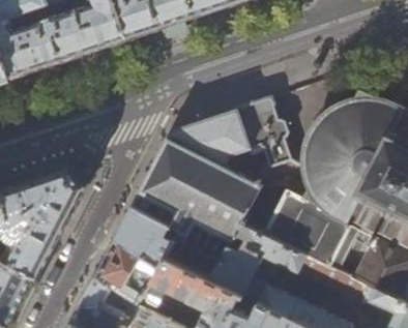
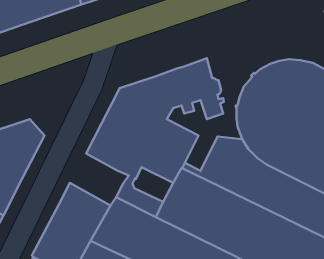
building: [114,206,175,265] -> none

